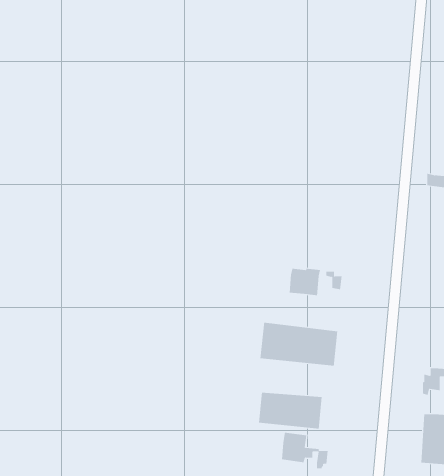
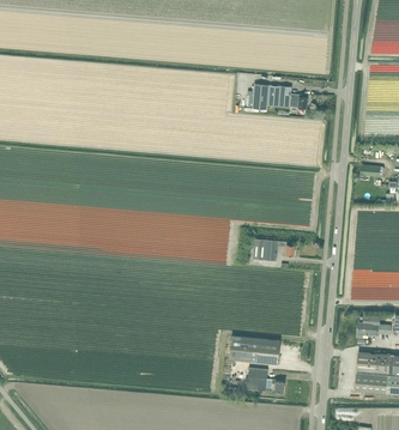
building: none -> [252,84,307,109]
building: [260,322,338,366] -> none

